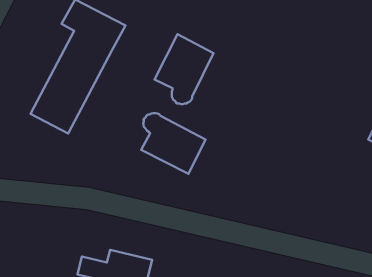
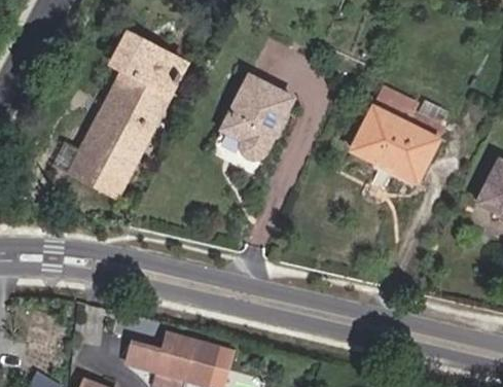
building: none -> [350,86,443,182]
building: [141,113,206,174] -> none

